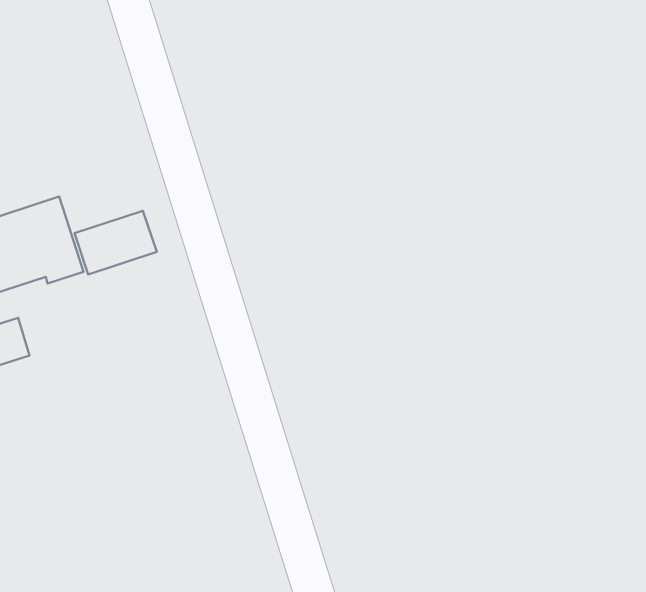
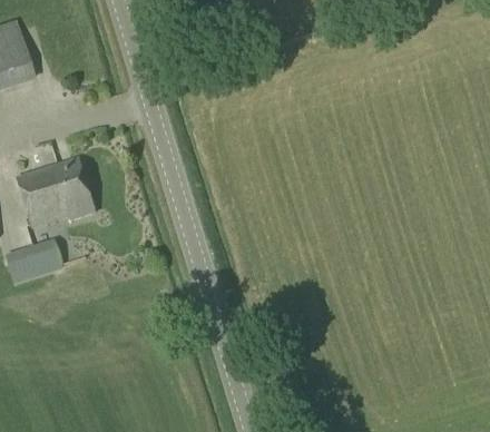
building: [74,211,157,274] -> none

